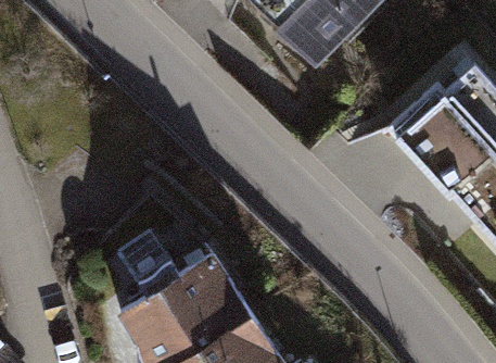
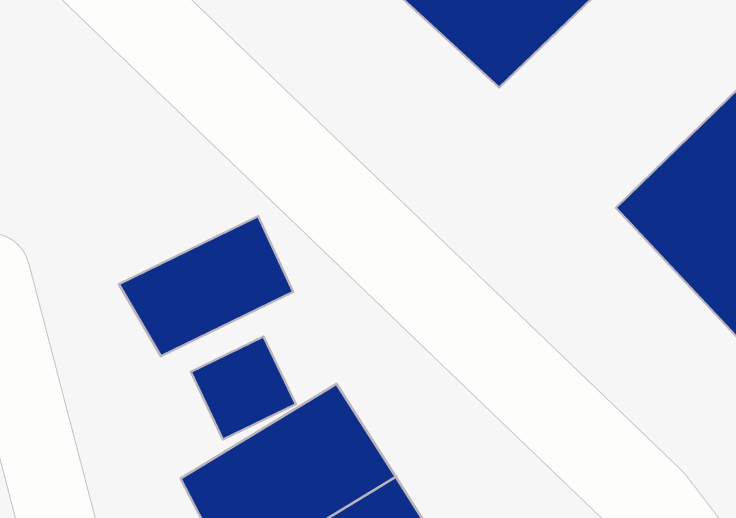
building: none -> [119,216,293,356]

